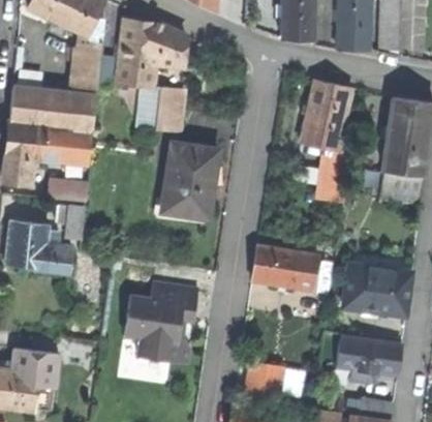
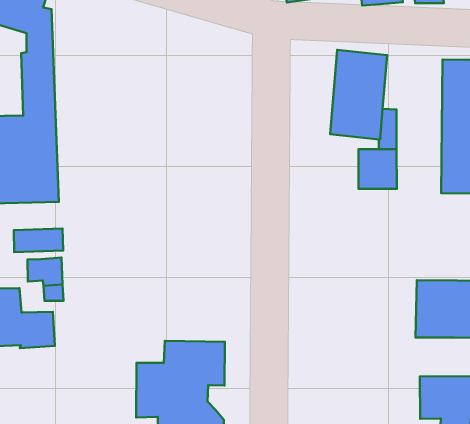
building: [116,21,186,131] -> none
building: [161,143,216,218] -> none
building: [251,245,318,291] -> none

